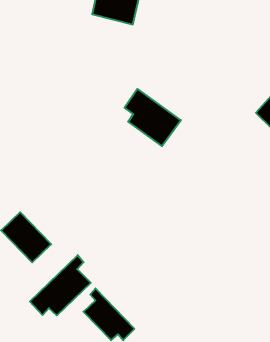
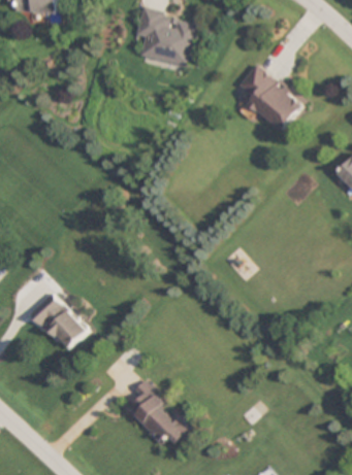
building: [125,89,181,146] -> [235,64,302,132]
building: [30,255,91,315] -> none

